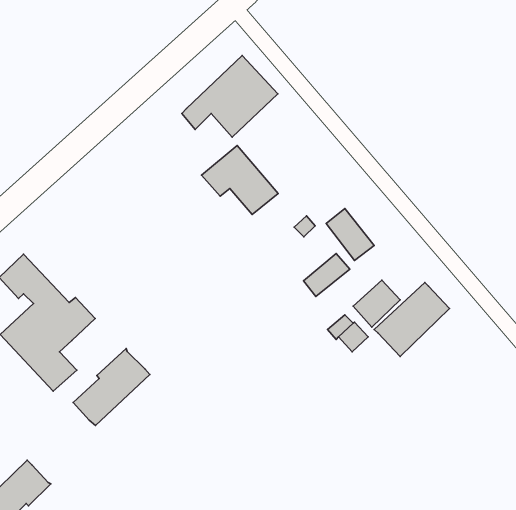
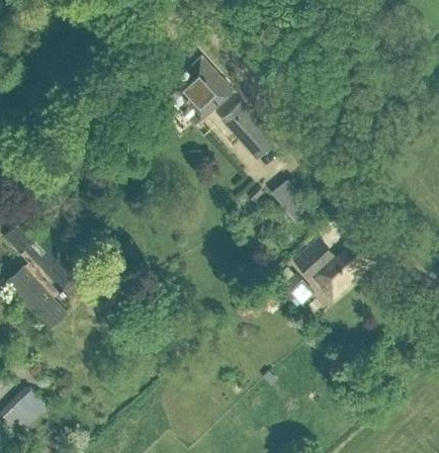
building: [202,145,278,215] -> [213,102,276,159]
building: [303,254,350,296] -> none
building: [73,349,150,425] -> none

